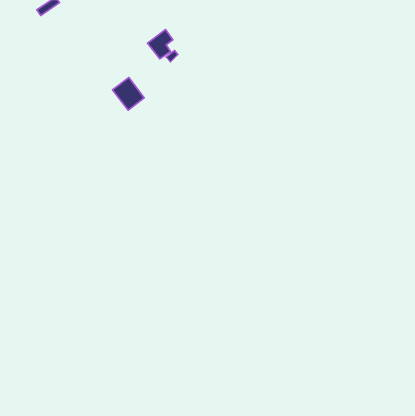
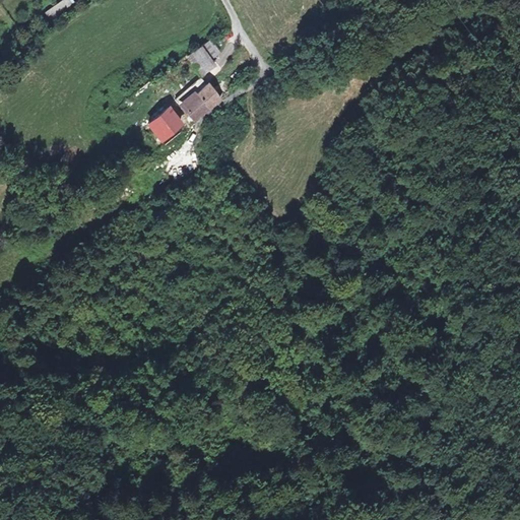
building: none -> [184,85,222,121]

